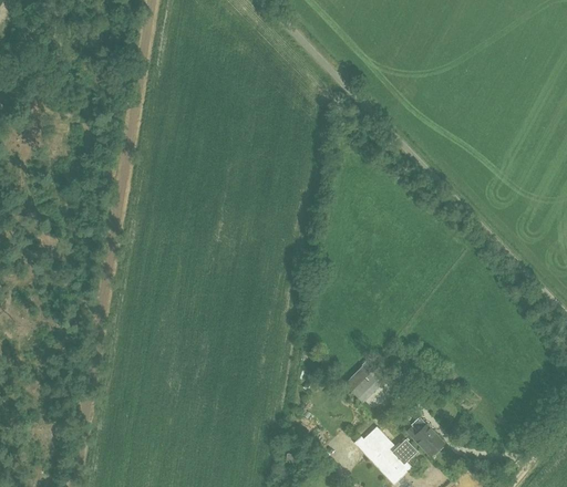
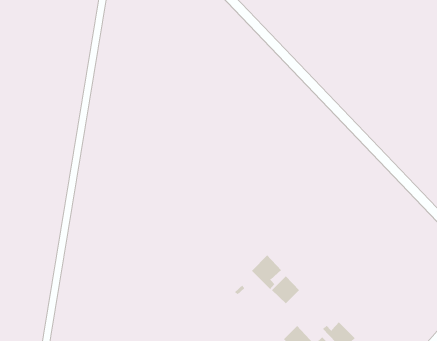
building: none -> [251,255,282,290]

